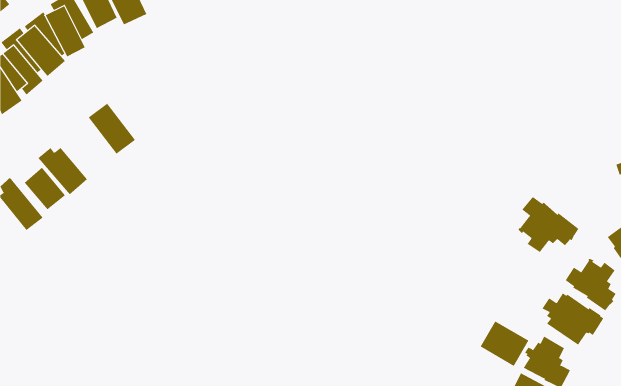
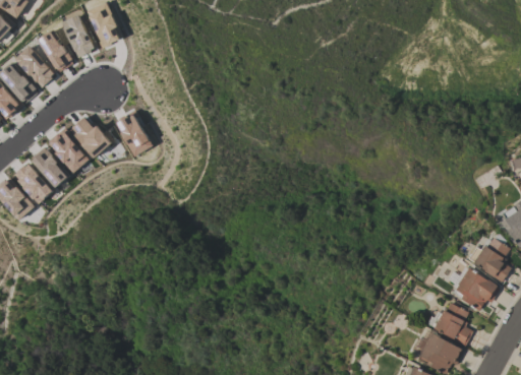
building: none -> [115,113,153,157]
building: none -> [54,126,94,169]
building: [518,196,579,253] -> none
building: [480,320,529,367] -> none

